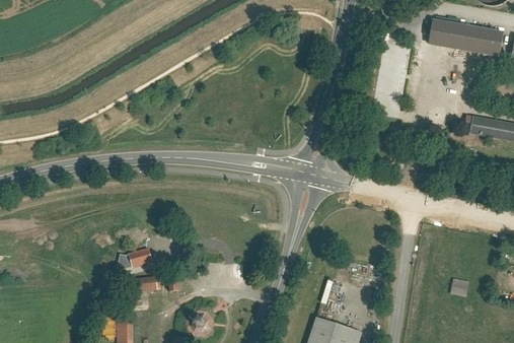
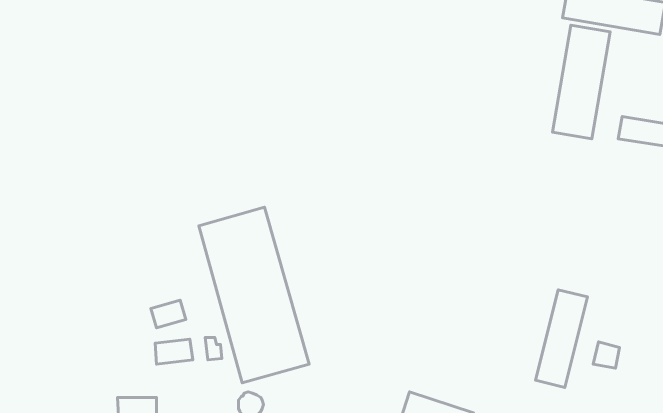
building: none -> [553,25,610,139]
building: none -> [199,207,309,383]
building: none -> [536,290,587,387]

